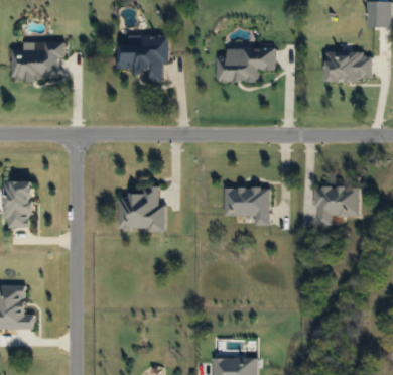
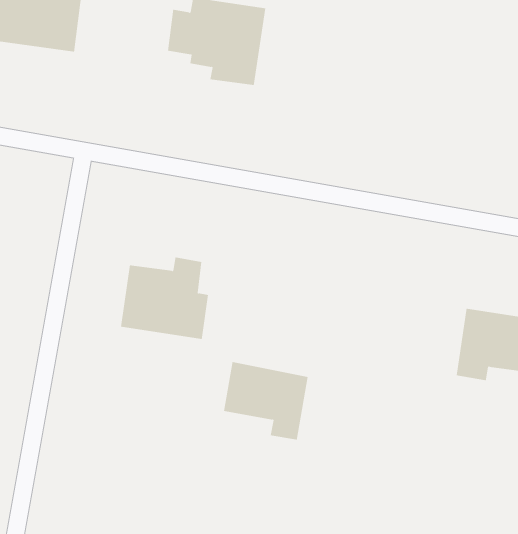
building: [218,48,276,82] -> none
building: [225,188,270,226] -> [223,362,309,440]

